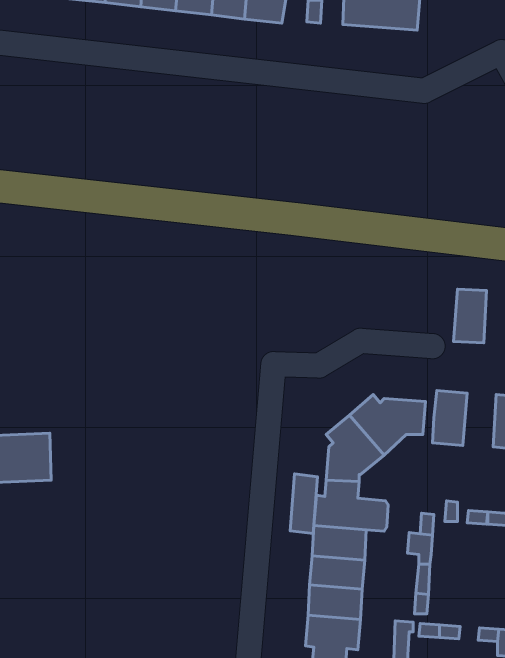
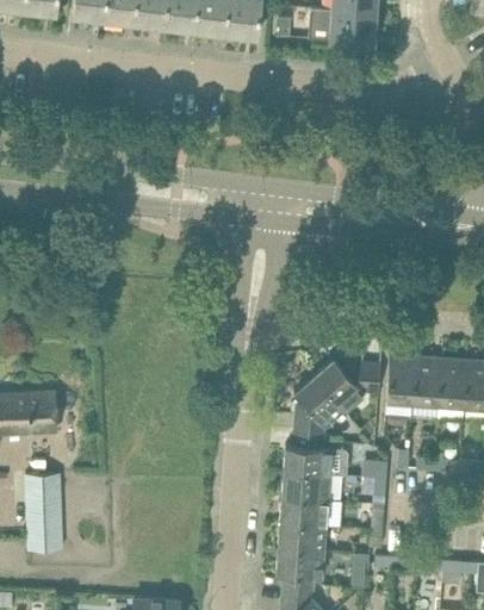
building: [453,289,487,343] -> [412,356,441,403]
building: [290,474,318,534] -> none
building: none -> [26,473,62,550]

